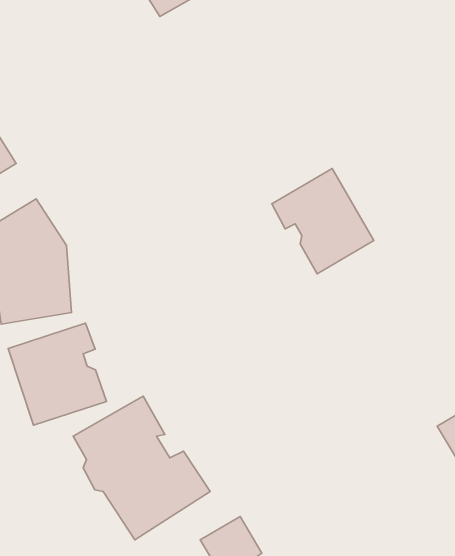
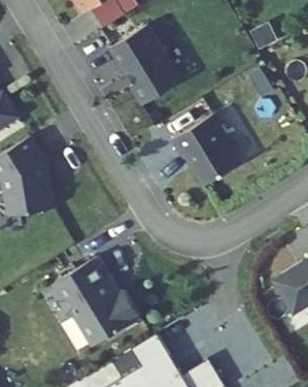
building: none -> [112,19,193,105]
building: [8,323,107,425] -> none

